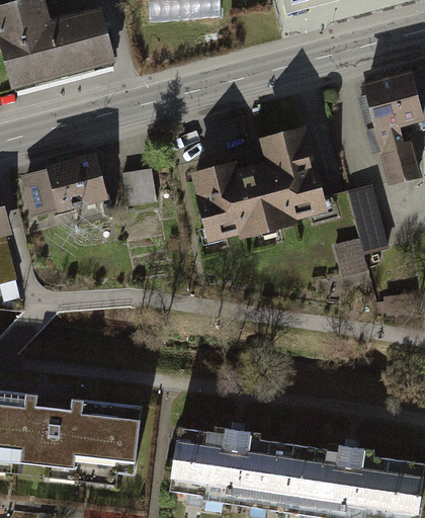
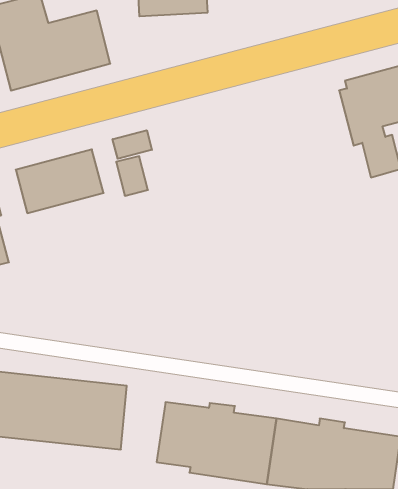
building: [191,125,334,247] -> none
building: none -> [113,130,152,159]
building: [333,182,392,276] -> none

